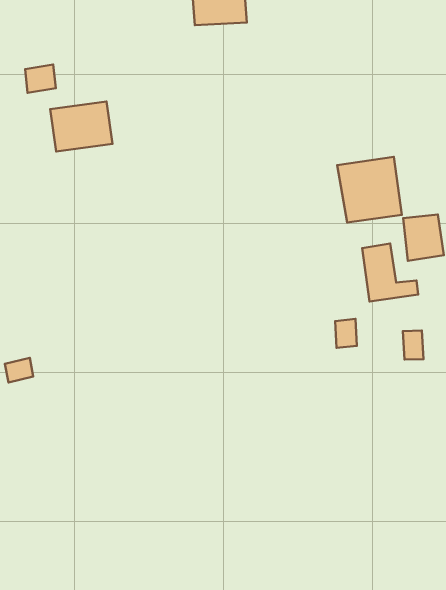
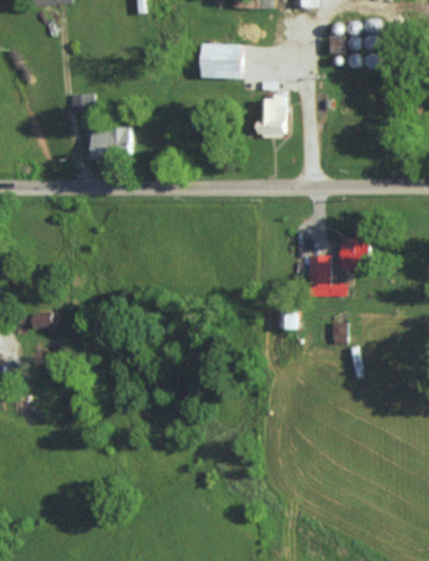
building: none -> [258,95,284,136]
building: [337,157,402,223] -> none

